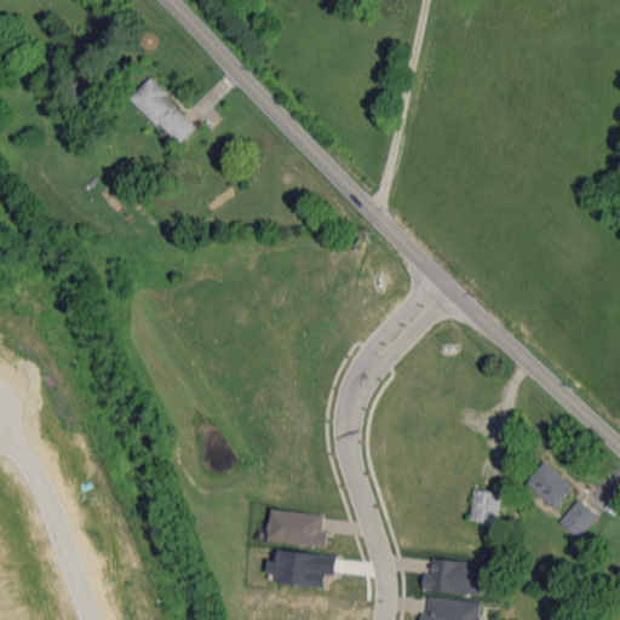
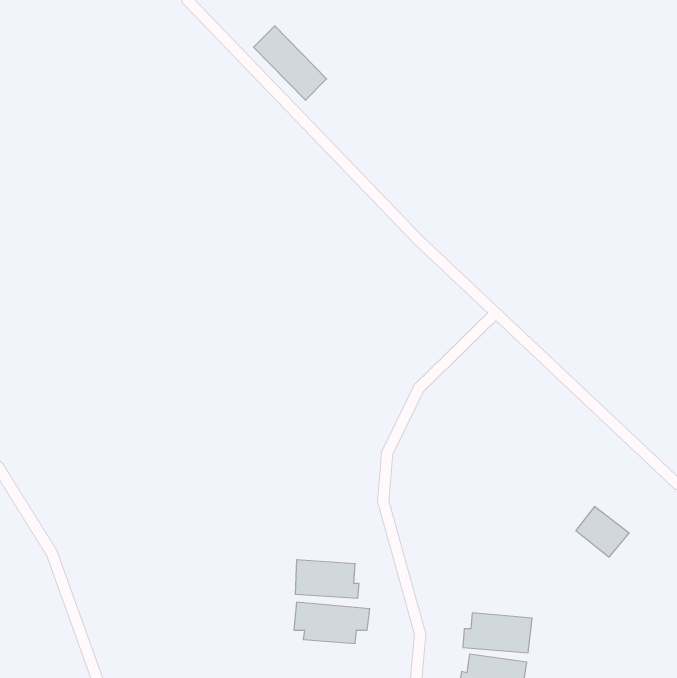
building: [130,79,196,147] -> [254,26,327,100]
building: [470,490,499,523] -> none
building: [558,500,597,540] -> none

